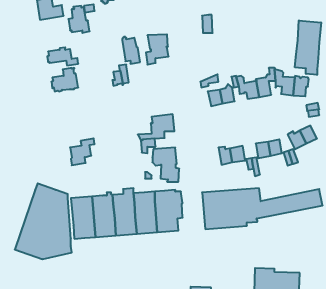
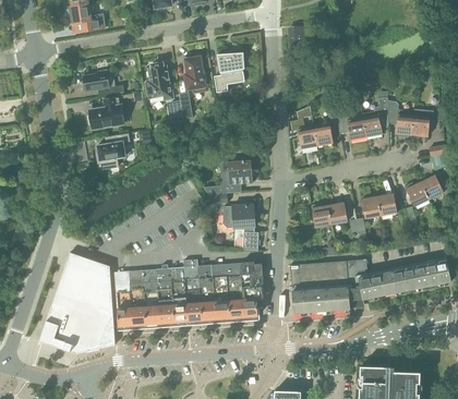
building: [68,6,90,33] -> [145,64,173,100]
building: [295,20,321,75] -> none
building: [70,138,95,165] -> [97,134,130,170]

